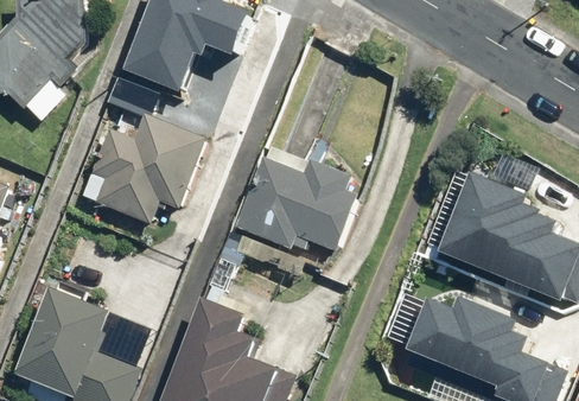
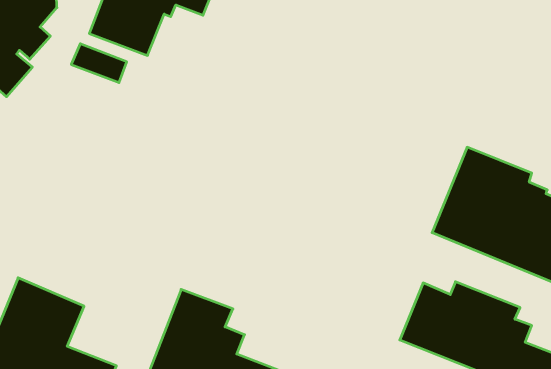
building: [76,112,201,224] -> none
building: [236,158,361,253] -> none

